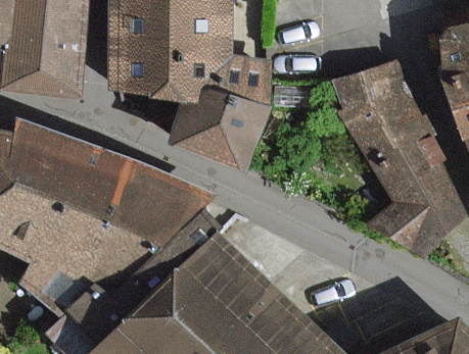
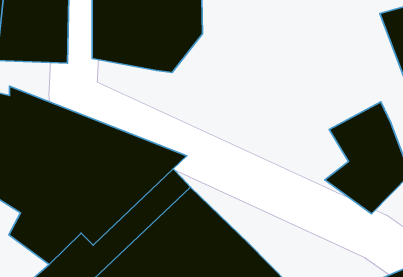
building: [169,59,271,171] -> none
building: [324,62,431,165] -> none

